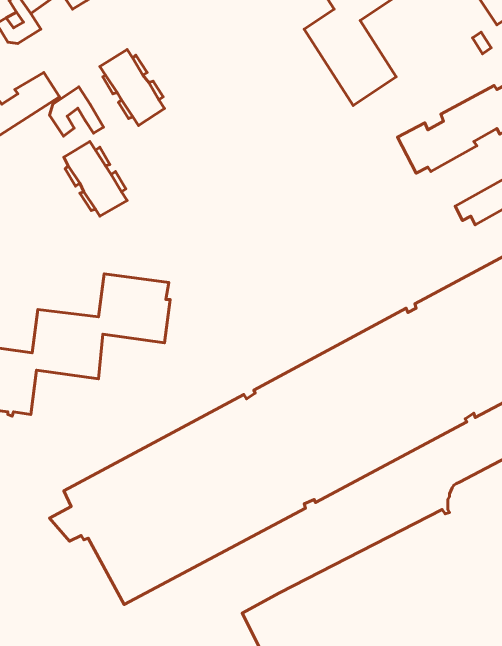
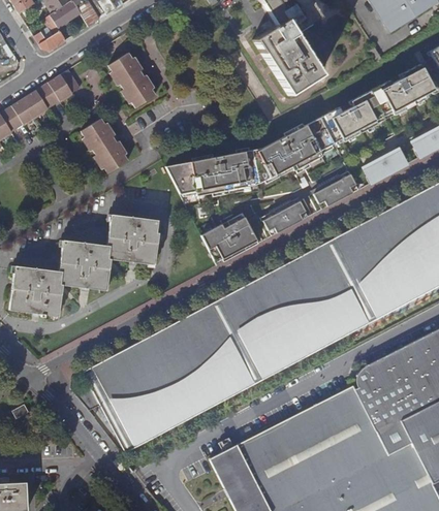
building: [49,87,104,136] -> none
building: none -> [166,117,336,196]
building: none -> [314,170,357,205]
building: none -> [261,200,307,232]
building: none -> [201,213,259,262]

